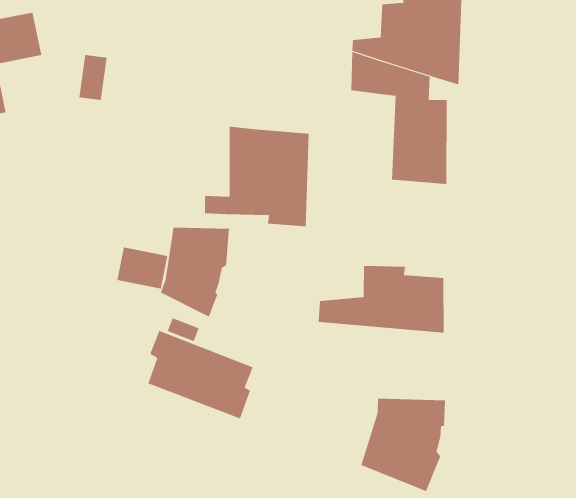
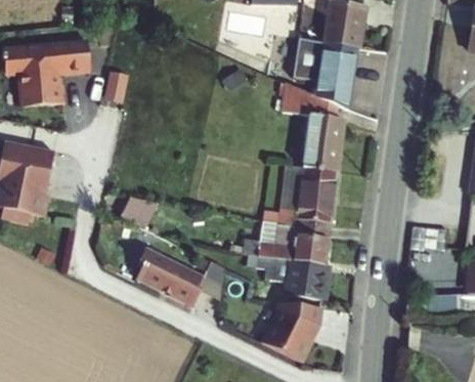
building: [204,126,309,227] -> [266,164,337,231]
building: [160,227,230,318] -> none
building: none -> [247,252,327,301]

